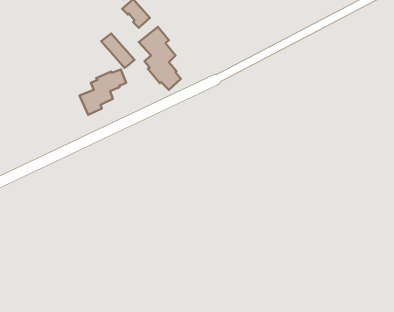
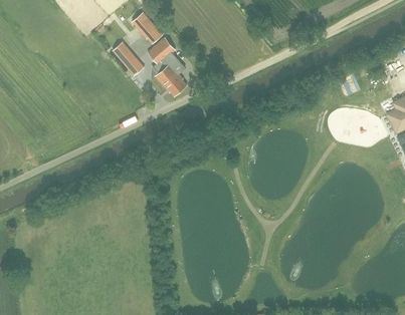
building: [79,70,126,115] -> none

